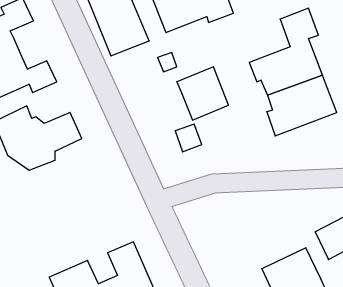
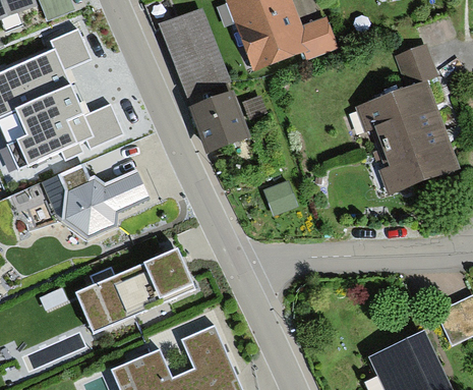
building: [177,67,228,120] -> [187,88,250,153]
building: none -> [76,245,194,330]

